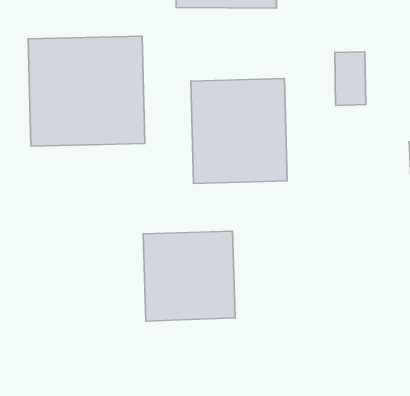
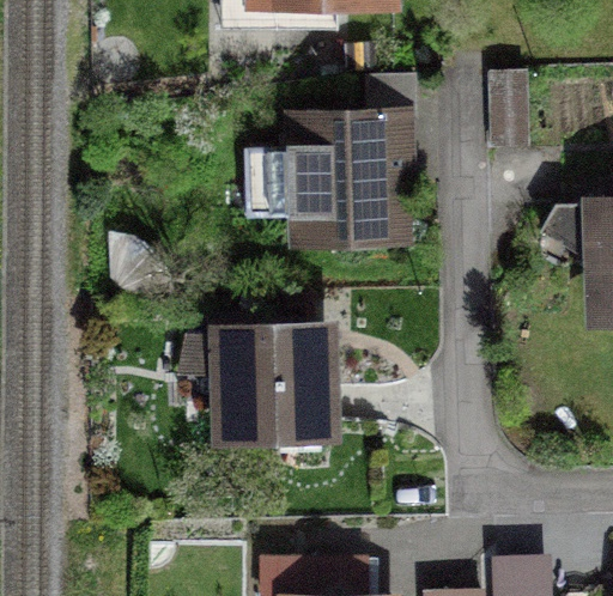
building: [28,36,145,146] -> none

